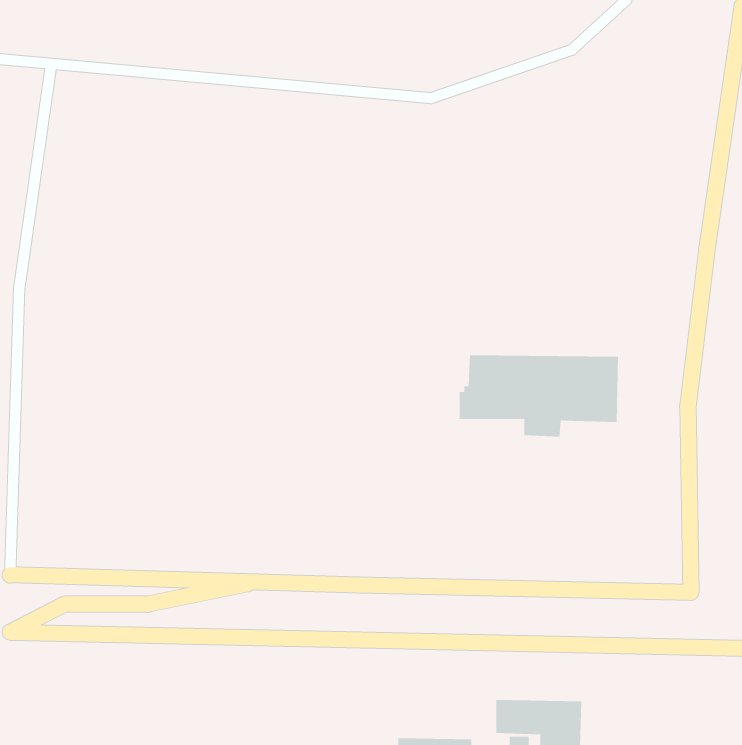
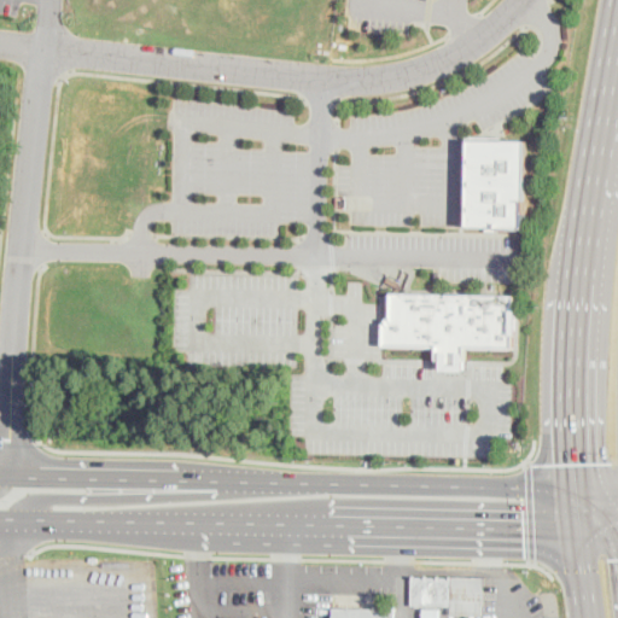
building: none -> [462,142,520,229]

